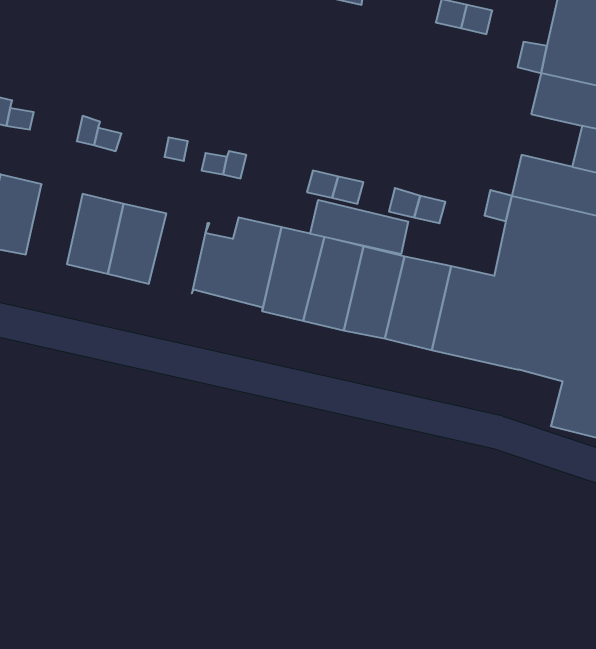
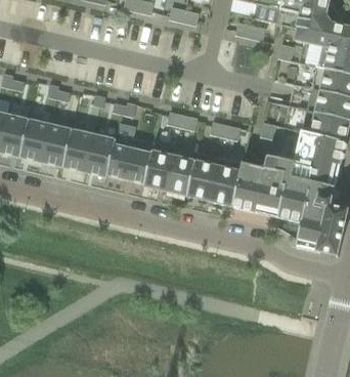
building: none -> [19,119,49,161]
building: [310,200,408,254] -> none
building: none -> [84,134,115,176]

